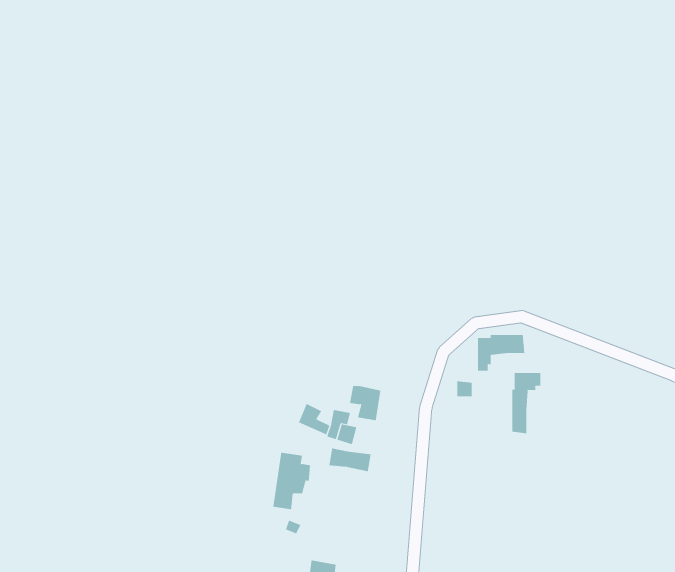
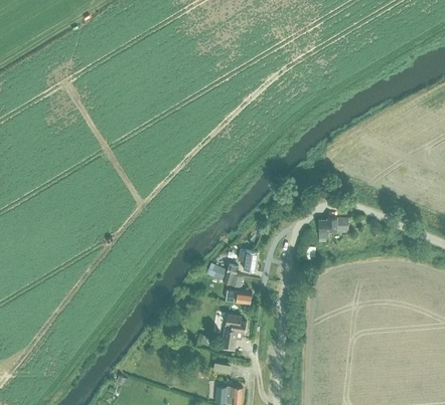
building: [512,372,541,434] -> none
building: [273,452,311,510] -> [220,313,245,349]

